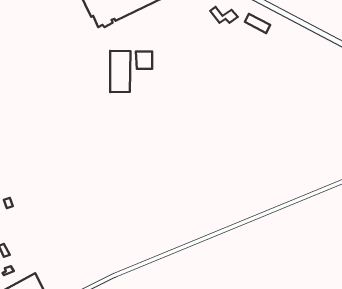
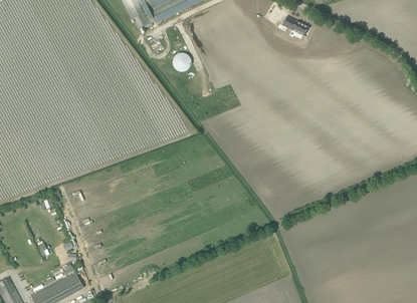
building: [110,51,130,92] -> none

